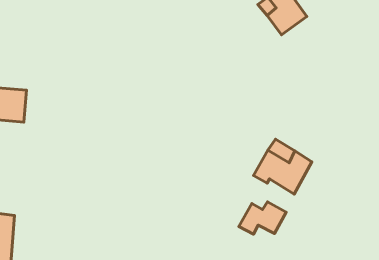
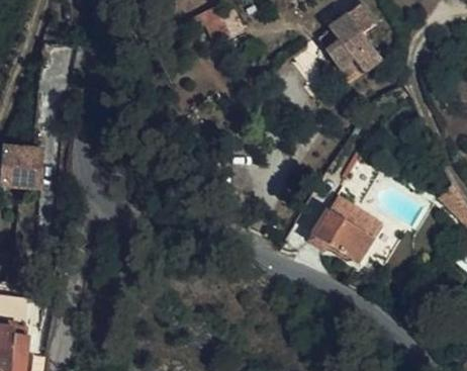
building: [239,202,286,234] -> none

